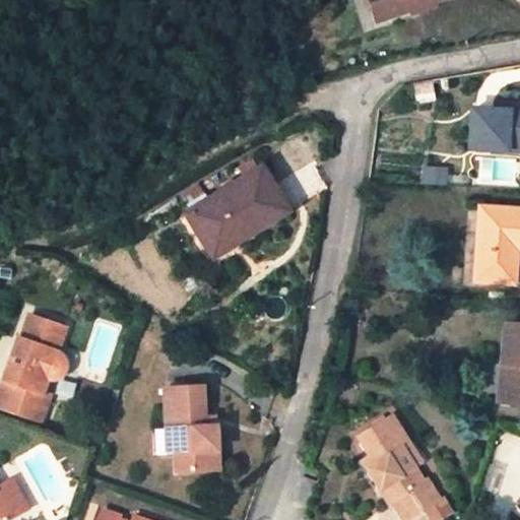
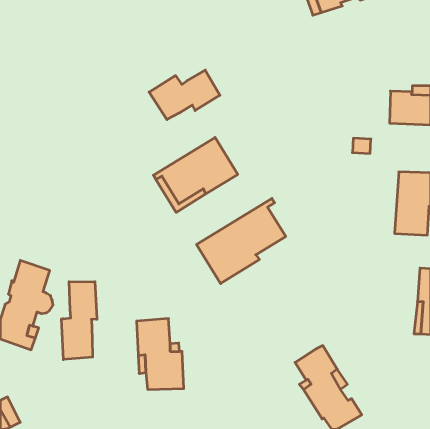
building: none -> [149,70,220,120]
building: none -> [197,198,286,284]
building: none -> [61,282,97,360]

